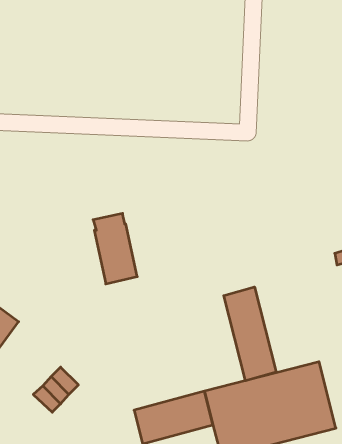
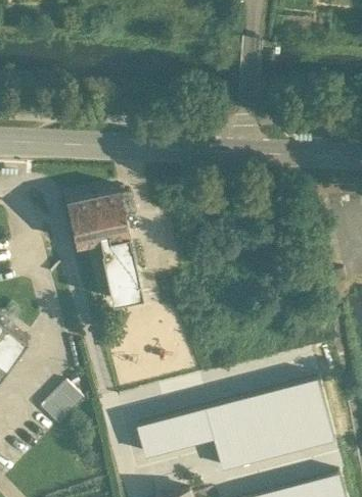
building: none -> [64,190,128,247]
building: [224,287,276,381] -> none

